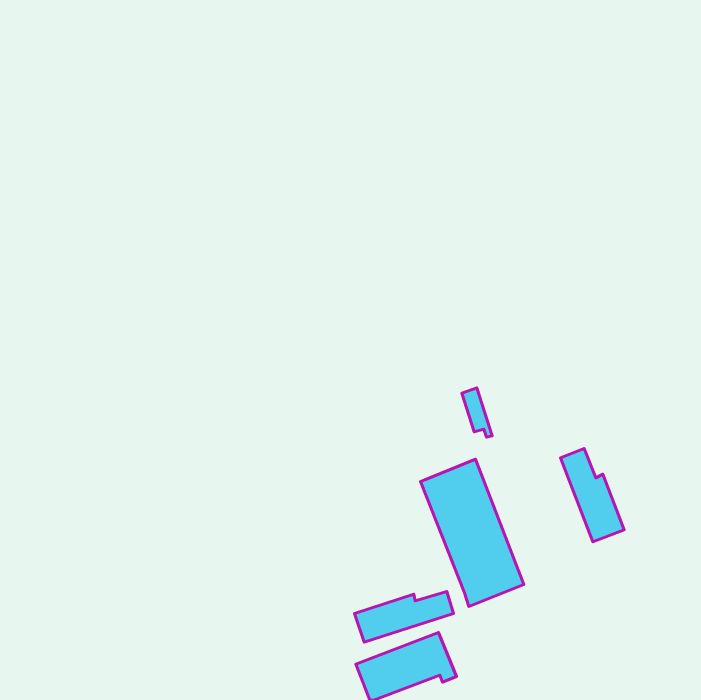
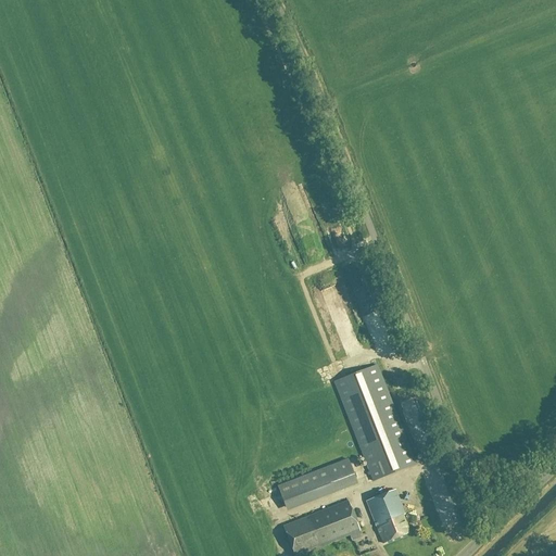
building: [560,448,624,542] -> none
building: none -> [364,488,408,542]

